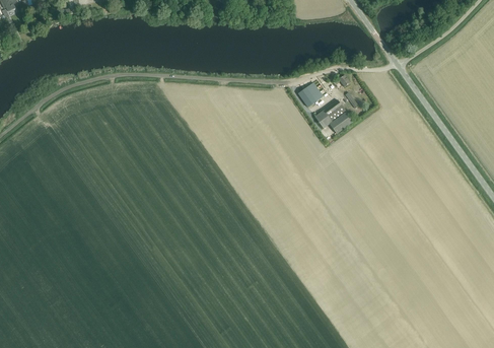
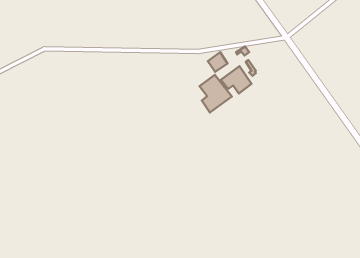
building: none -> [199,75,232,113]

